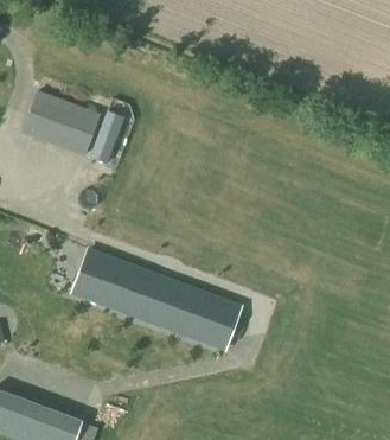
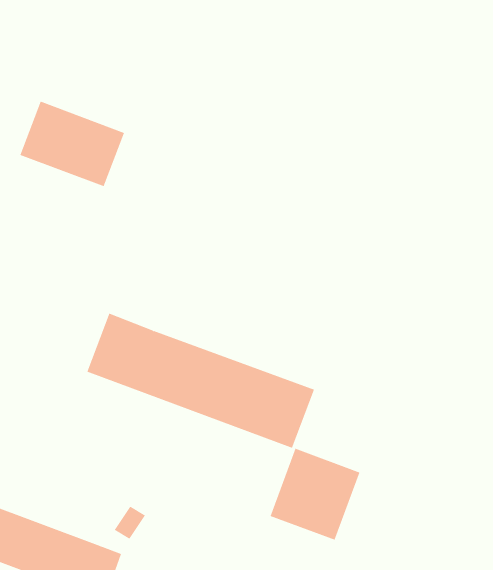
building: [87,114,124,162] -> none
building: none -> [270,448,360,541]

